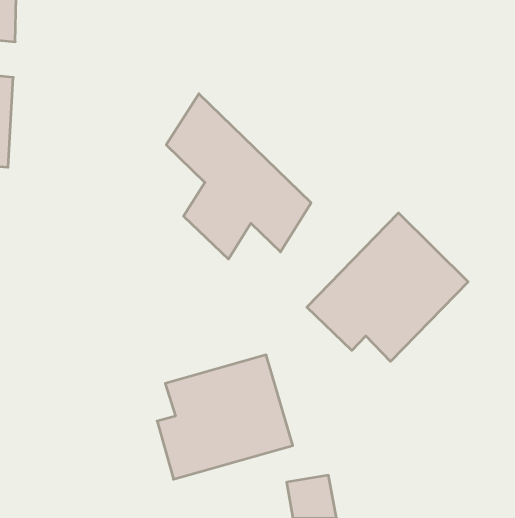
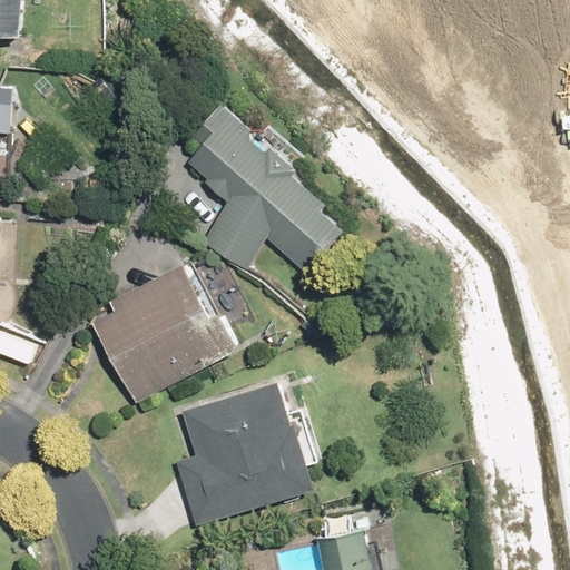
building: [307,213,468,361] -> none
building: none -> [88,258,242,403]

